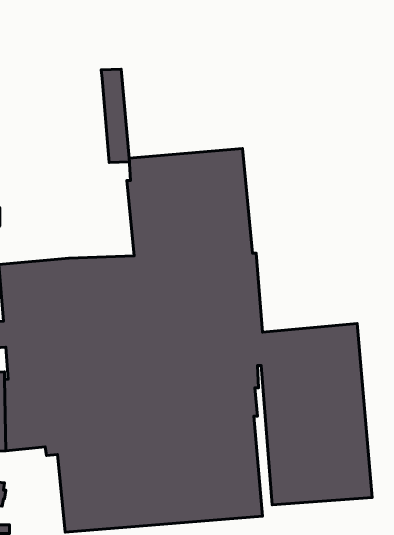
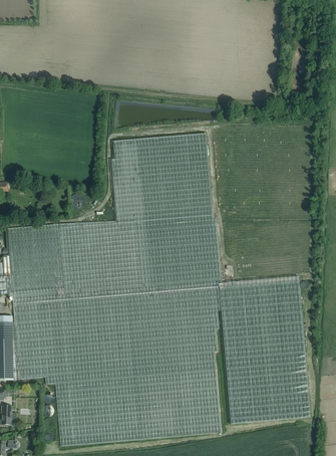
building: [101,69,129,163] -> none

